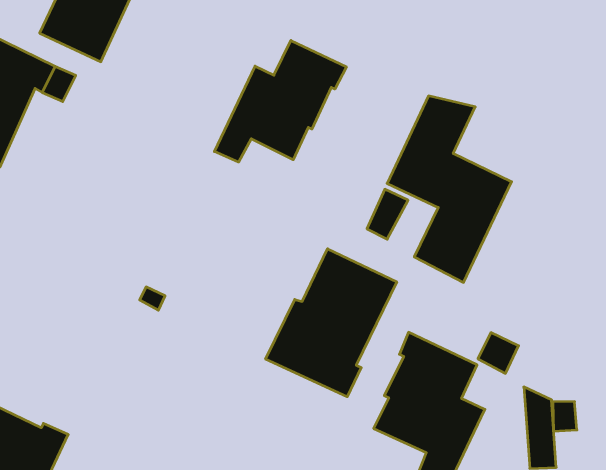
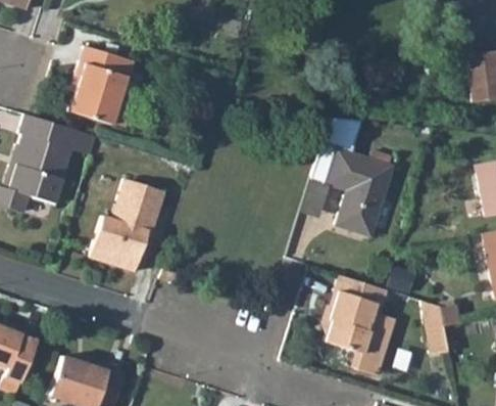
building: [214,40,346,162] -> none
building: none -> [90,179,164,272]
building: [266,249,397,397] -> none

